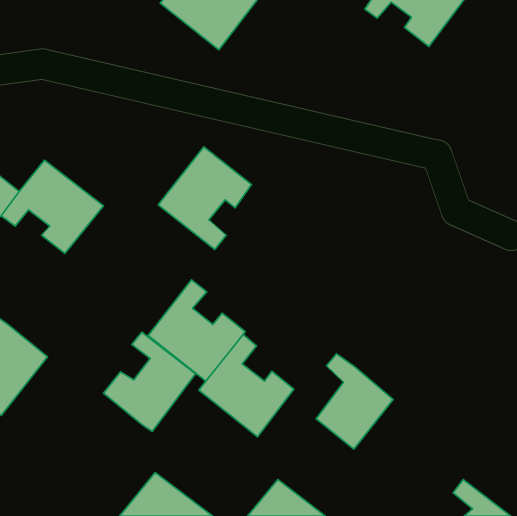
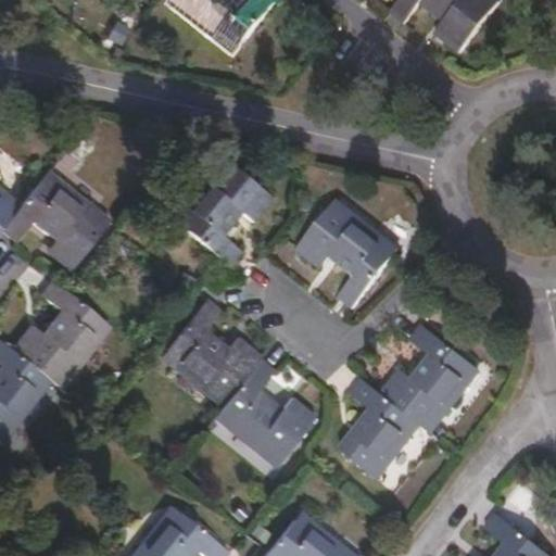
building: none -> [298,201,400,308]
building: none -> [380,324,481,435]
building: [103,332,196,432] -> [10,283,109,390]

